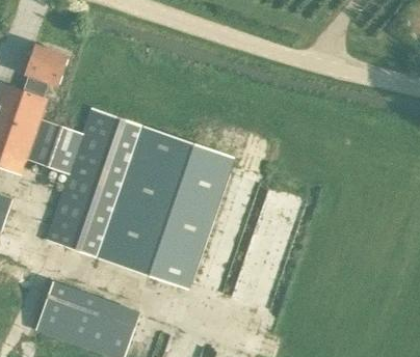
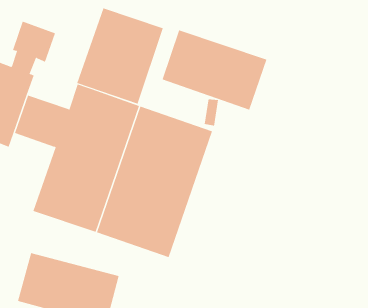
building: none -> [76,7,163,105]
building: none -> [162,30,267,110]

